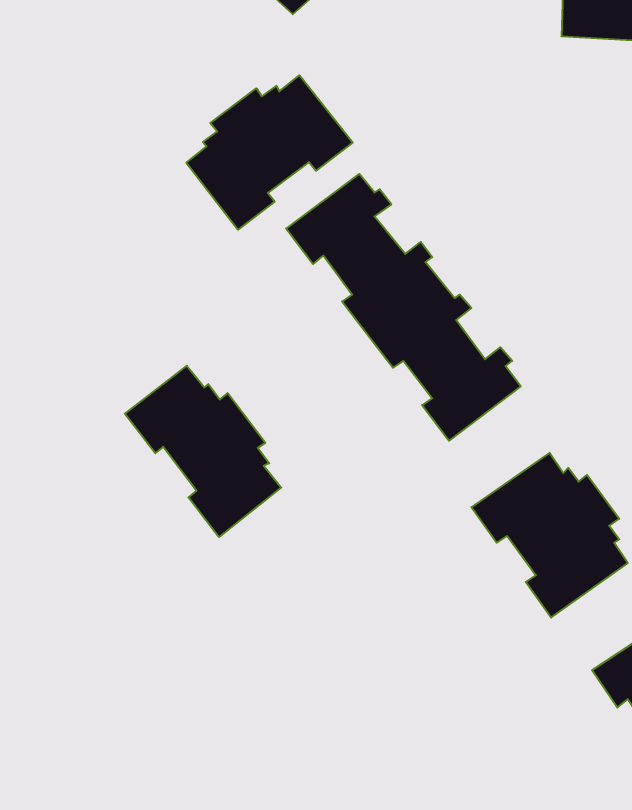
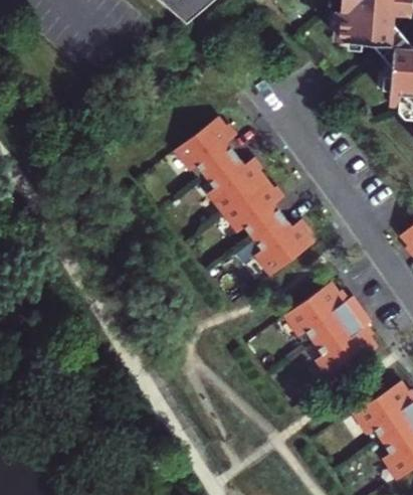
building: [186,75,353,230] -> none
building: [125,366,281,537] -> none

